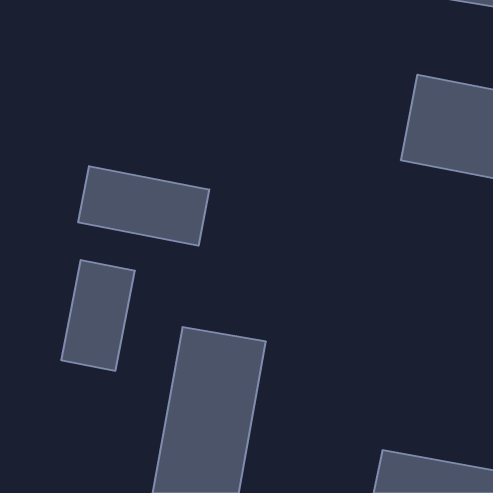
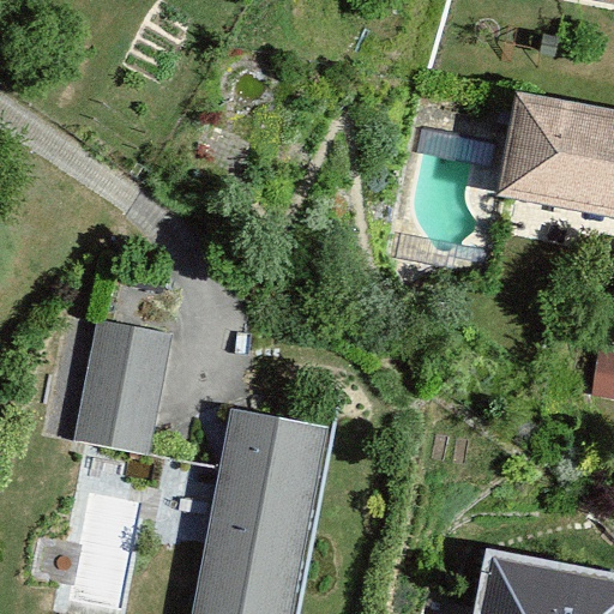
building: [78,166,209,246] -> none

